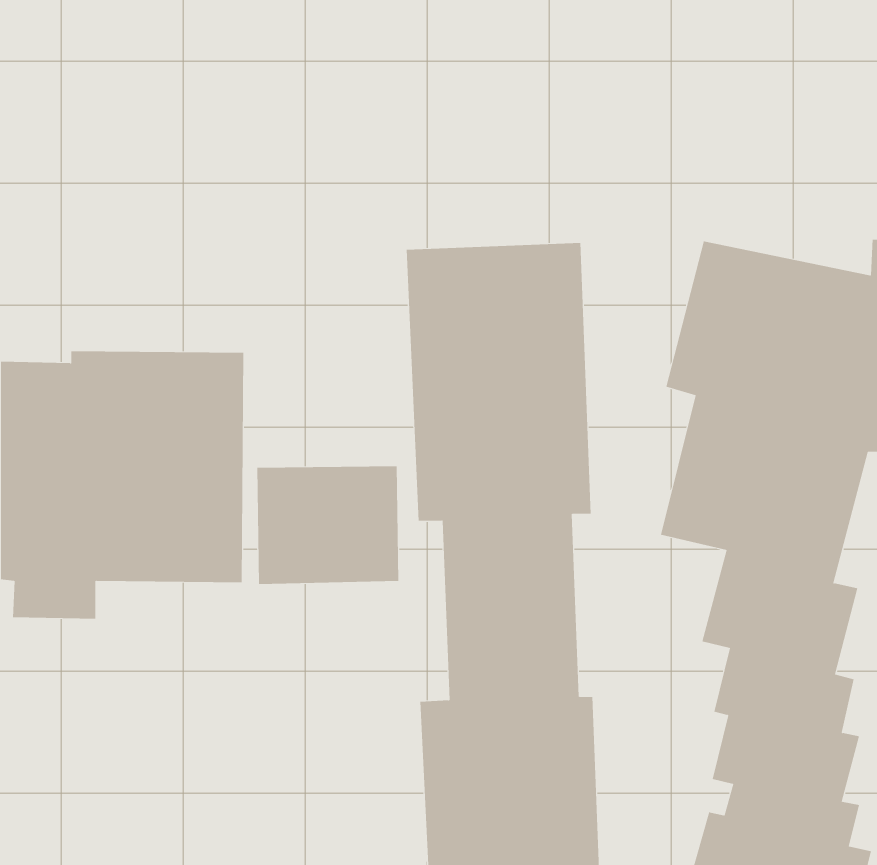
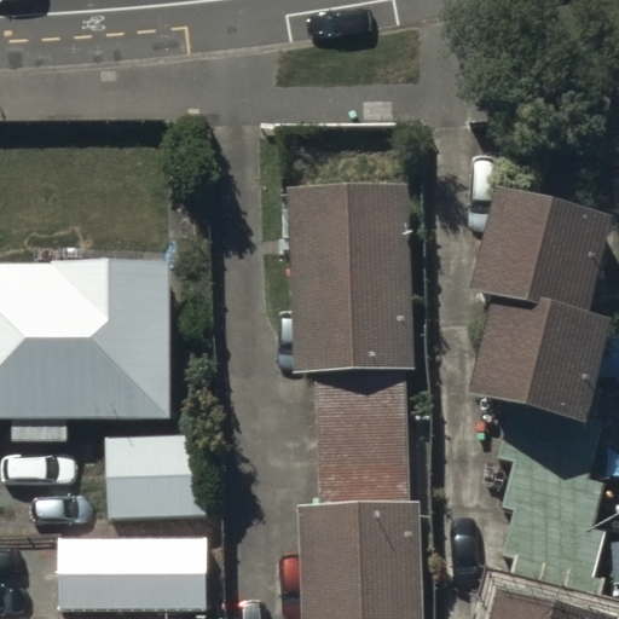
building: [257,466,399,585] -> [106,436,207,520]
building: none -> [59,539,206,613]

